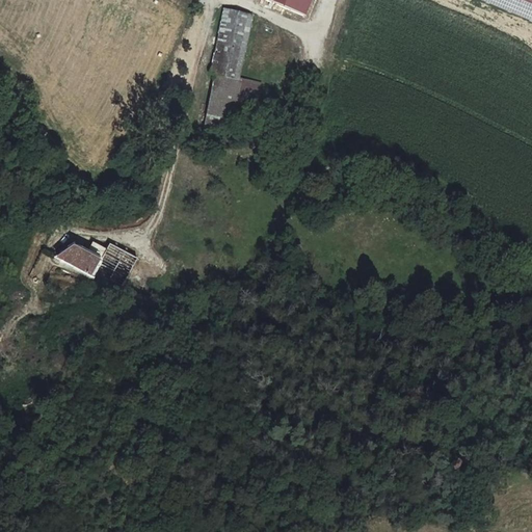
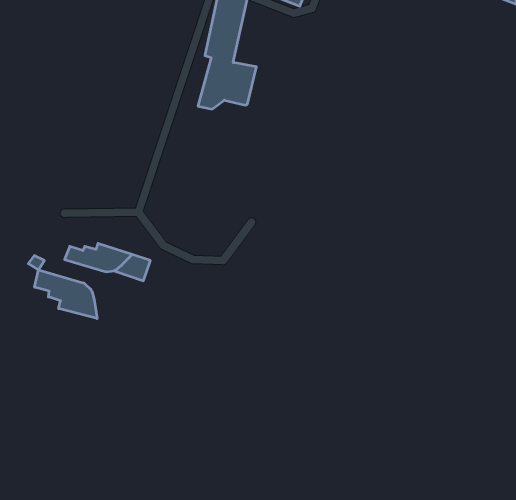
building: none -> [35,270,97,319]

